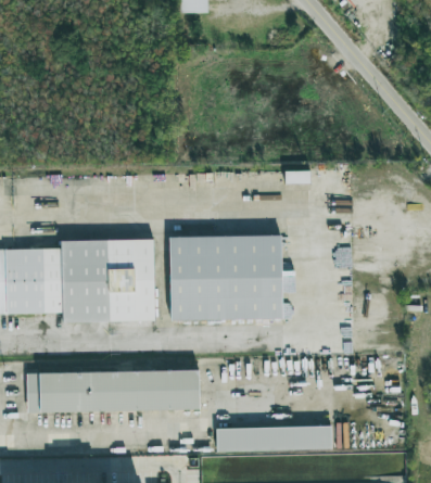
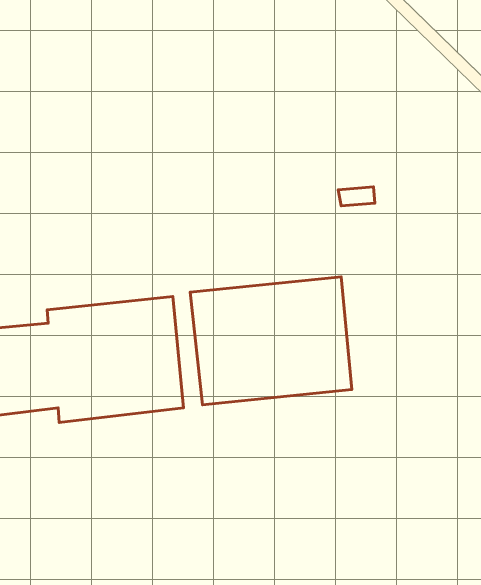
building: [26,371,201,414] -> none
building: [216,427,333,452] -> none

